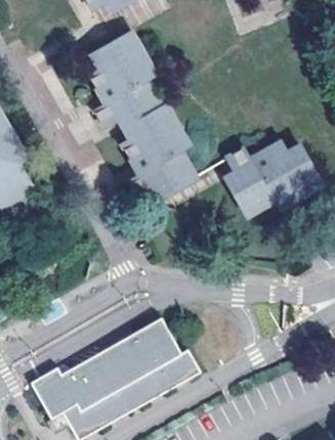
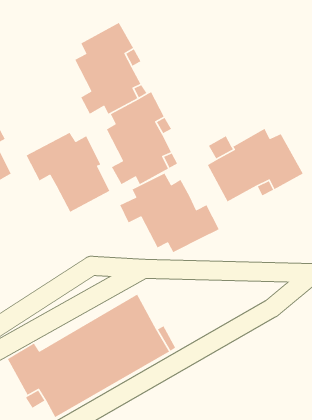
building: none -> [25,132,111,213]
building: none -> [119,173,220,253]

